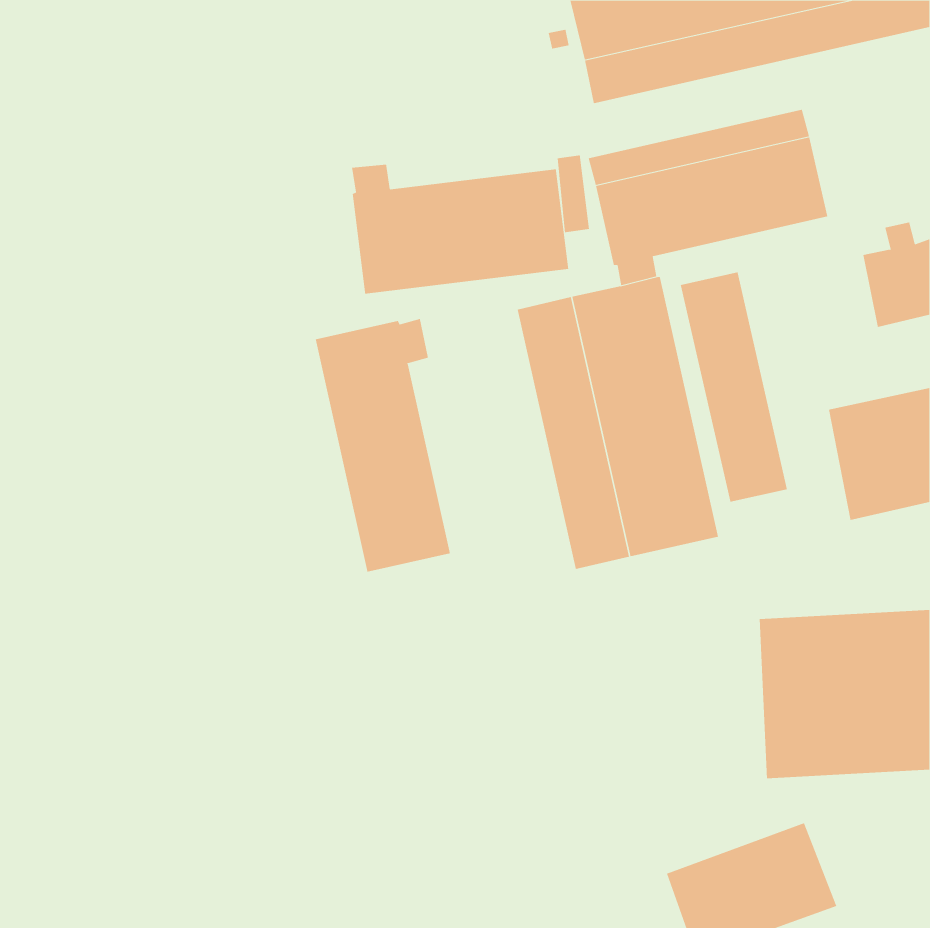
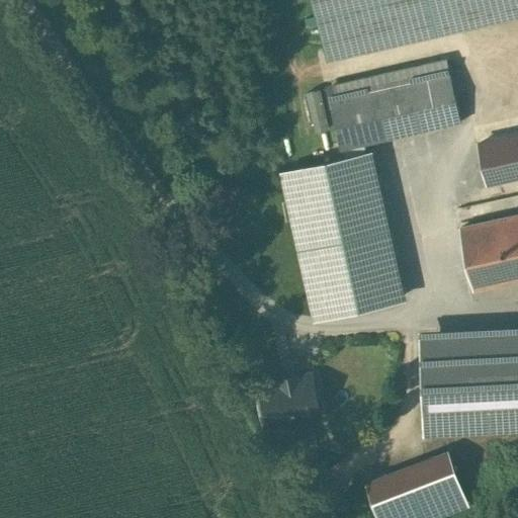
building: [352,164,569,294] -> none
building: [680,272,788,502] -> none
building: [315,318,451,573] -> none
building: none -> [261,374,319,423]

